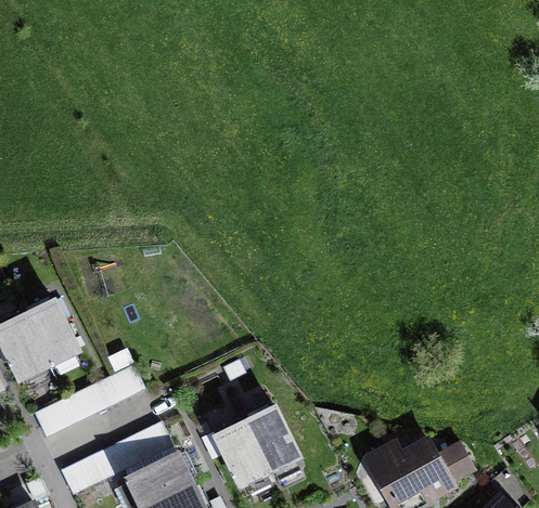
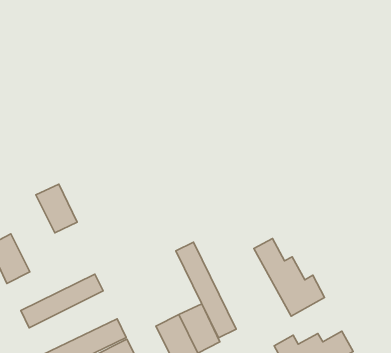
building: [23,299,77,363] -> [36,184,77,233]
building: none -> [254,238,325,316]
building: none -> [176,242,236,338]

